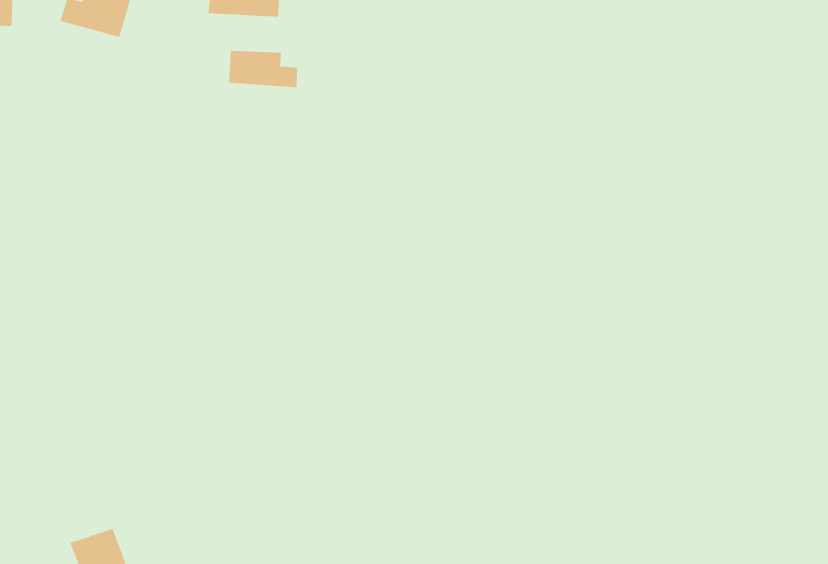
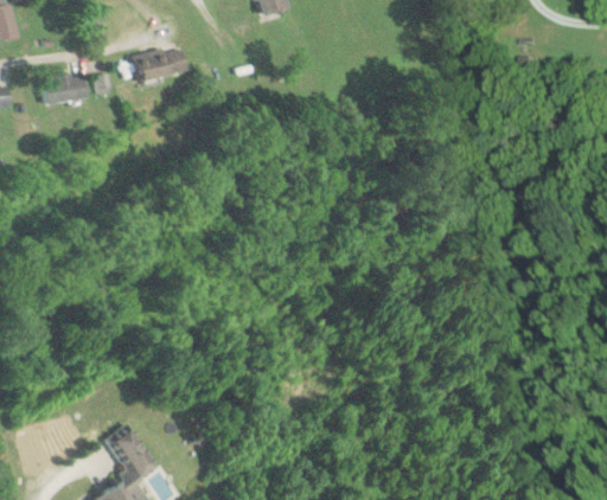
building: [229,50,298,88] -> none

